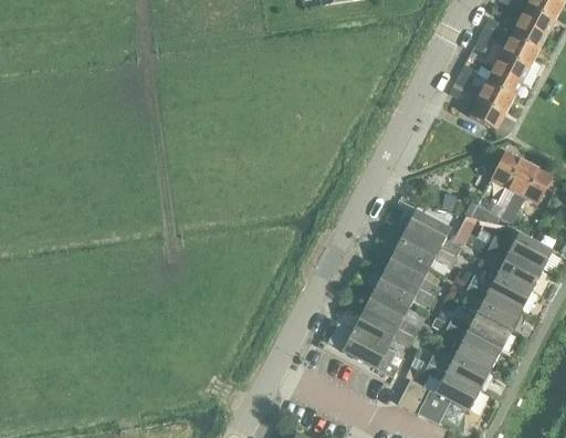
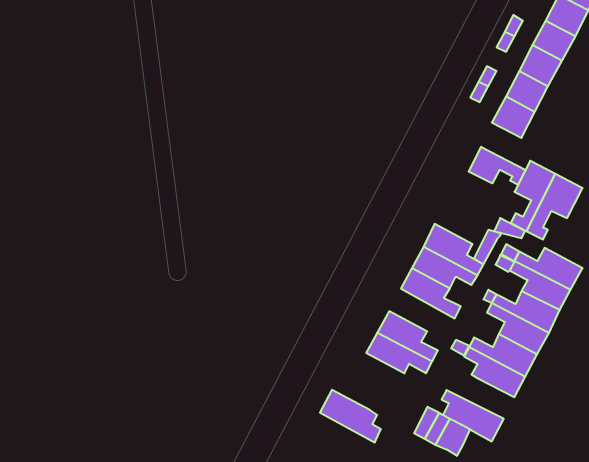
building: none -> [469,147,525,185]
building: [373,269,433,309] -> none
building: [340,328,397,377] -> [320,390,381,442]
building: [426,352,489,389] -> none

